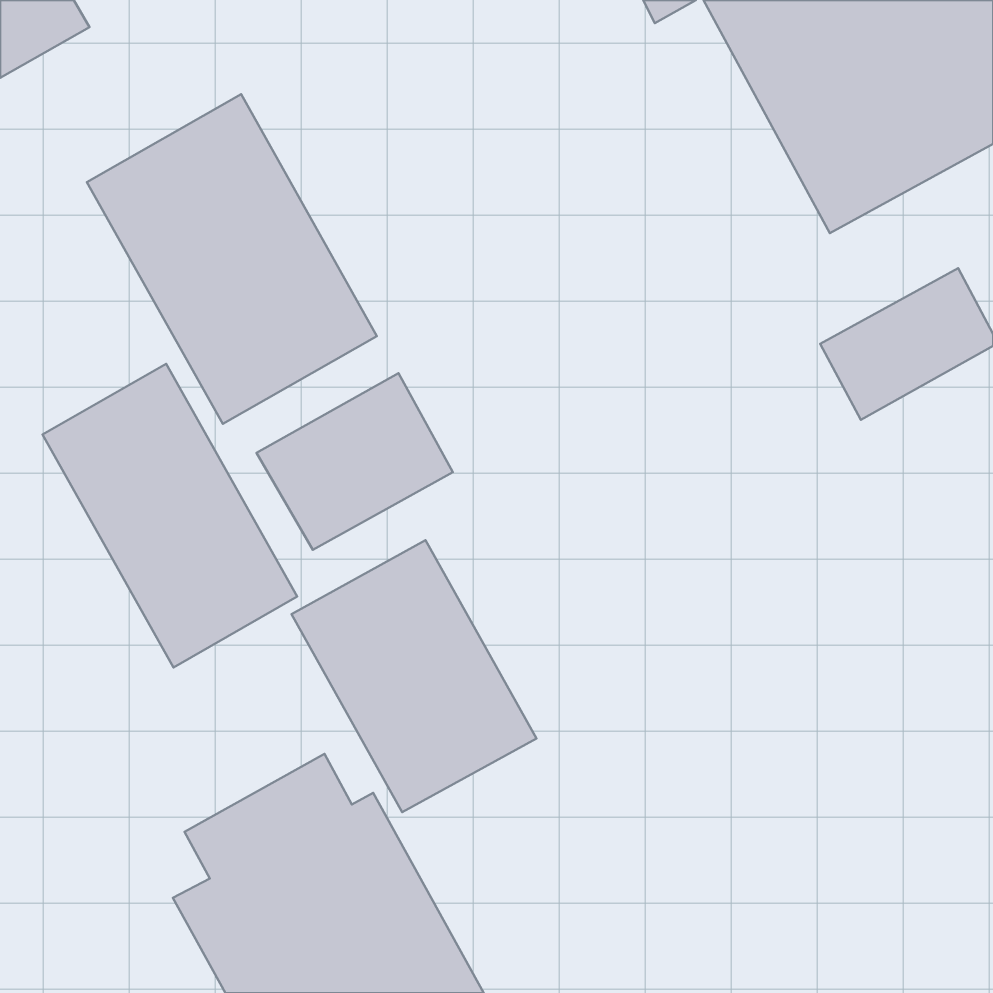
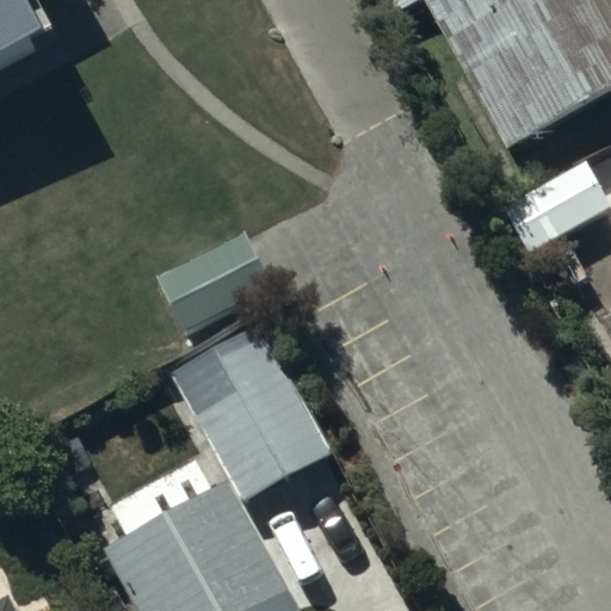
building: [87,94,377,424] -> none
building: [43,364,297,667] -> none

